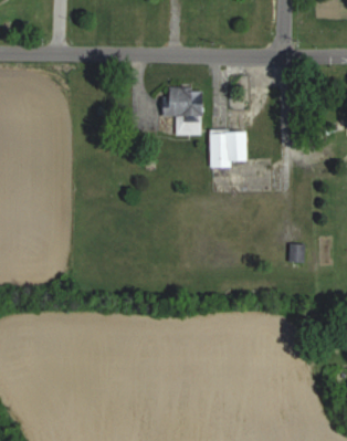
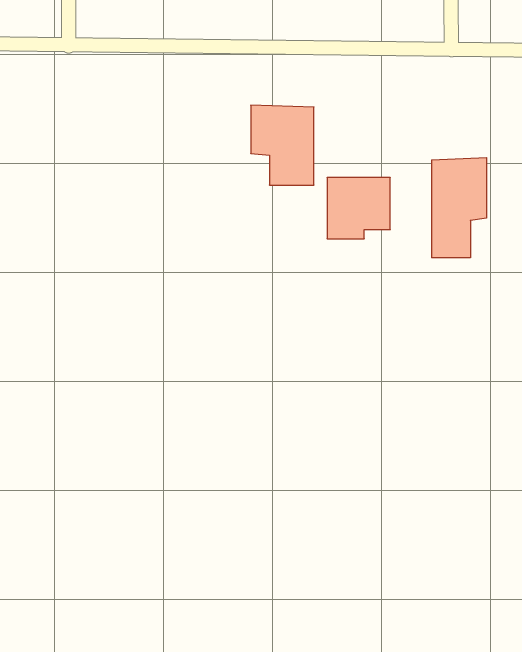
building: none -> [432,158,486,258]

